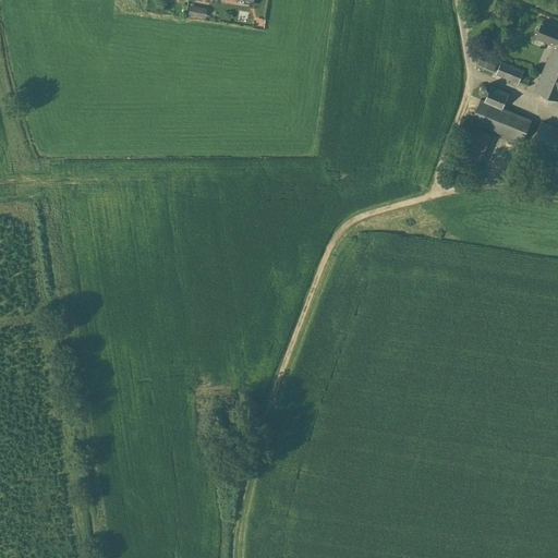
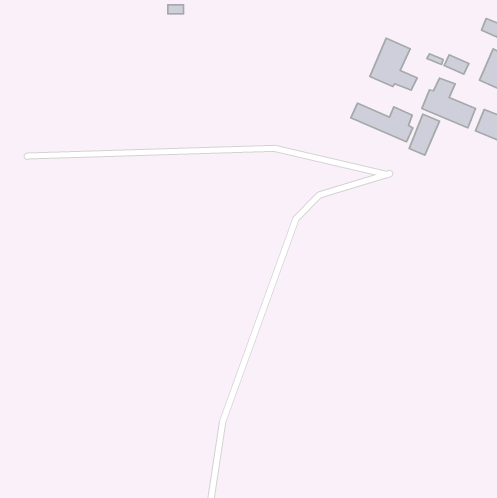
building: none -> [370,38,417,90]
building: none -> [351,103,413,142]

